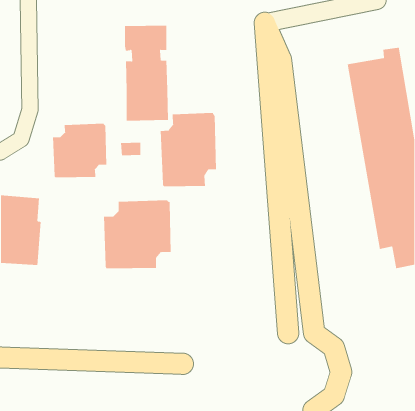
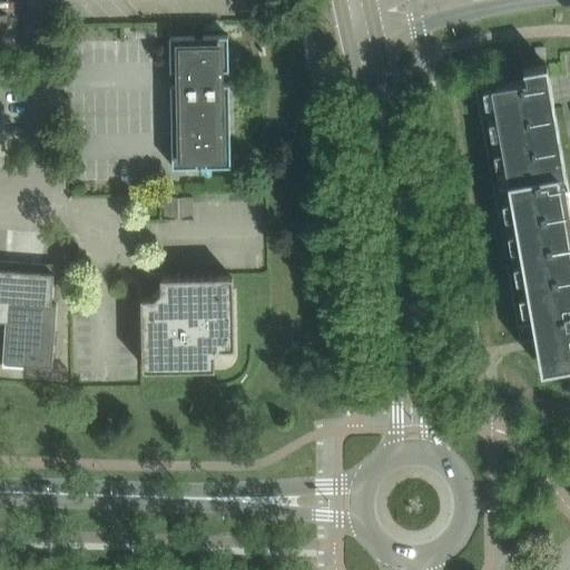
building: [160,112,217,187] -> none
building: [53,123,107,178] -> none

